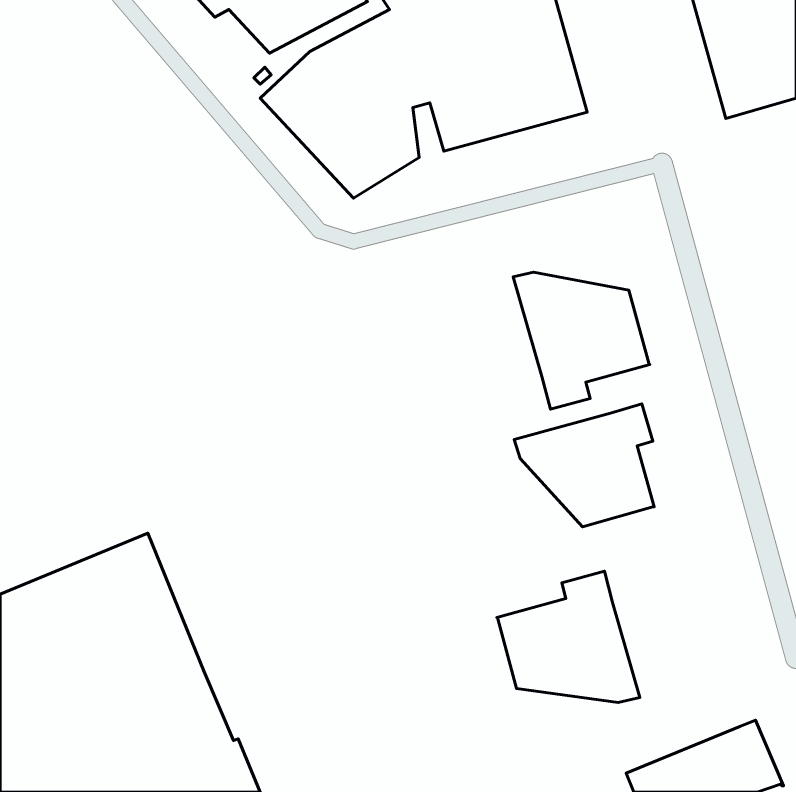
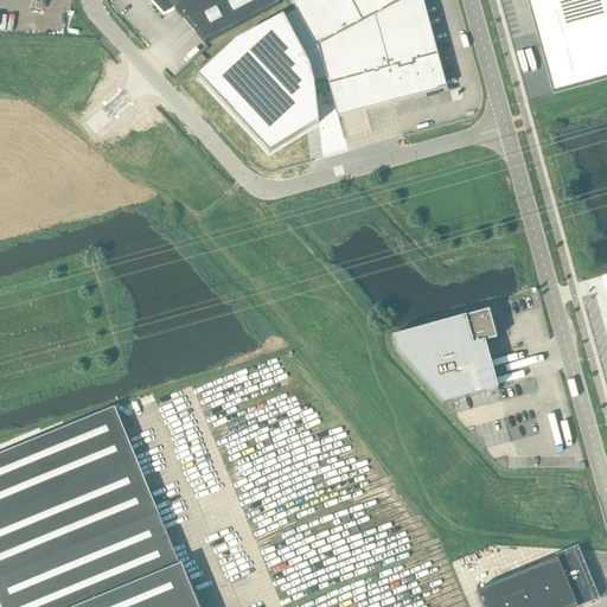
building: [513,272,650,409] -> none
building: [497,571,640,703] -> none

